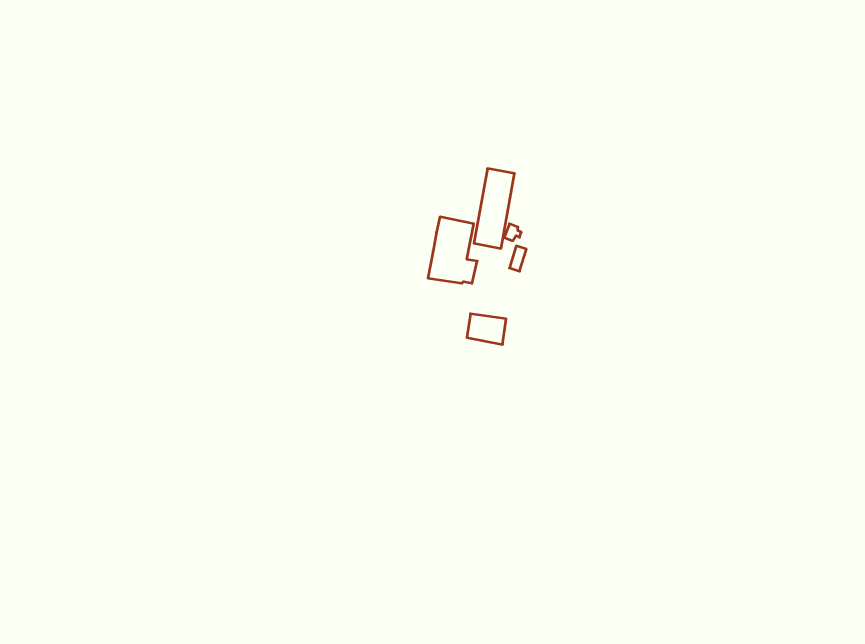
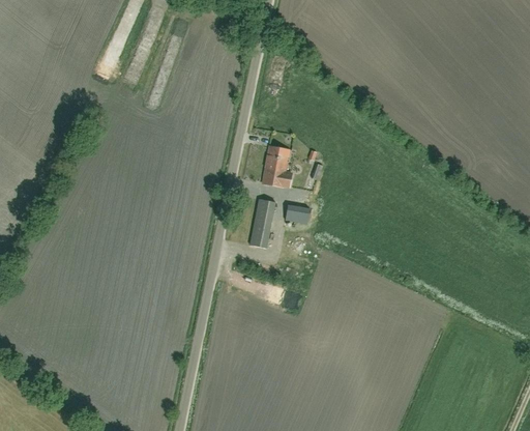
building: [474,169,515,248] -> [251,198,275,247]

